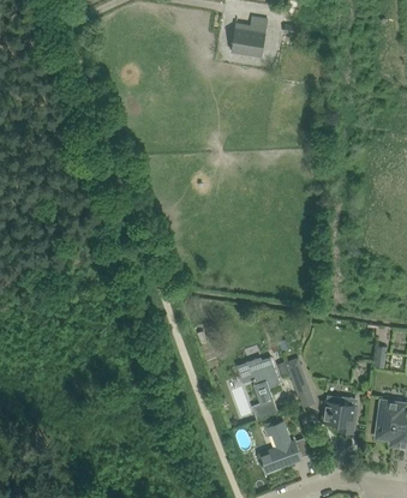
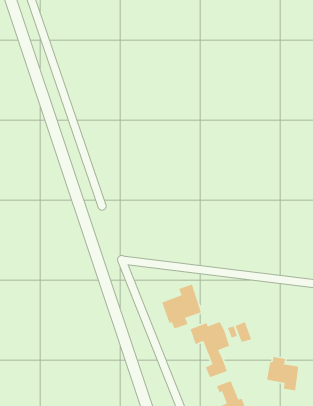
building: [232,16,268,56] -> none
building: none -> [161,283,202,330]

